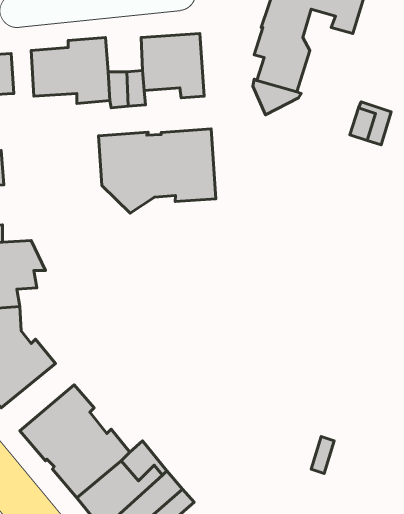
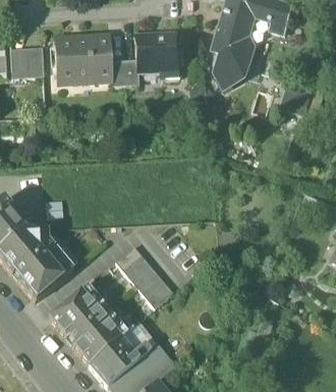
building: [98,129,216,213] -> none
building: none -> [115,244,173,306]

